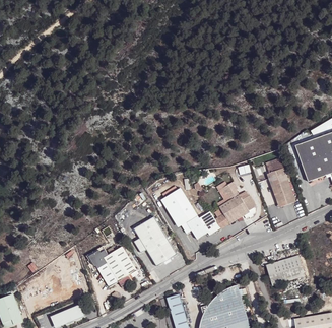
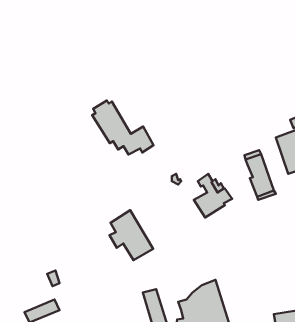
building: [160,185,220,238] -> [92,101,154,155]
building: [86,246,138,287] -> none
building: [265,254,305,284] -> none

